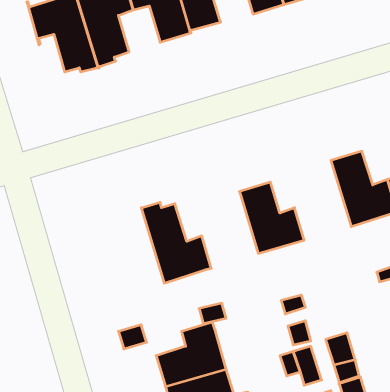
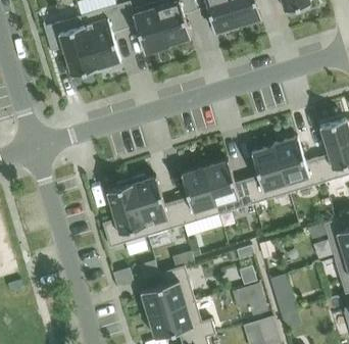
building: none -> [246,143,289,203]
building: none -> [176,166,218,225]
building: none -> [102,179,147,247]

